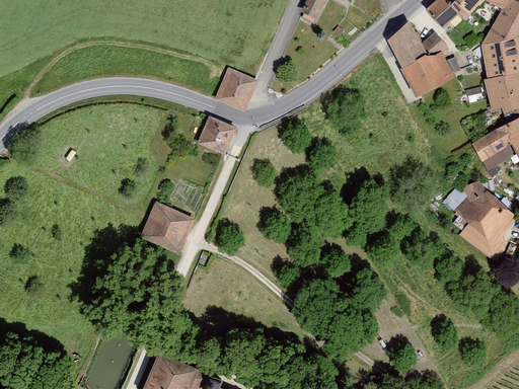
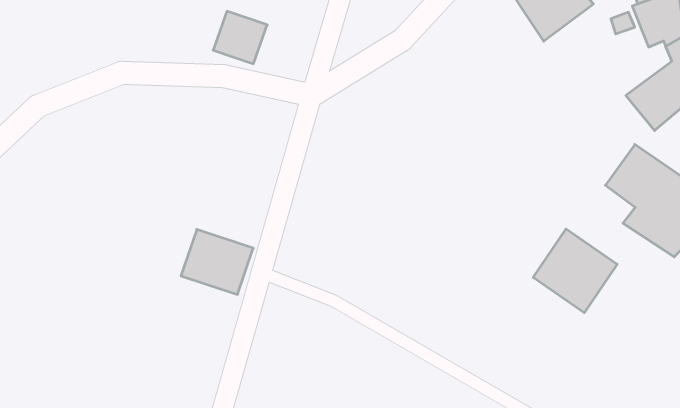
building: [216,71,256,110] -> [213,11,267,64]
building: [196,114,236,155] -> none
building: none -> [533,229,617,313]

